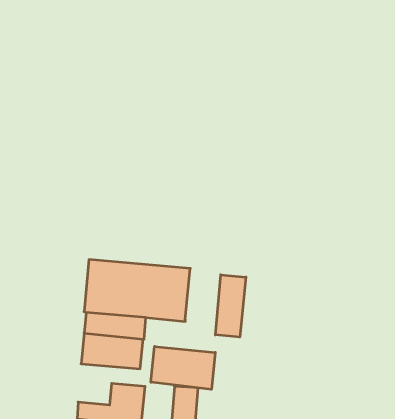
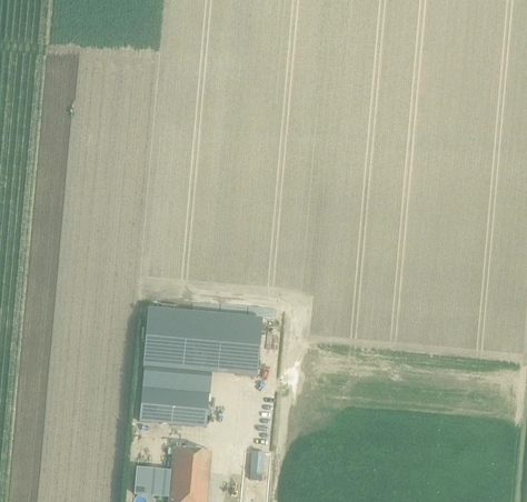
building: [215,275,246,337] -> none
building: [151,346,215,389] -> none

